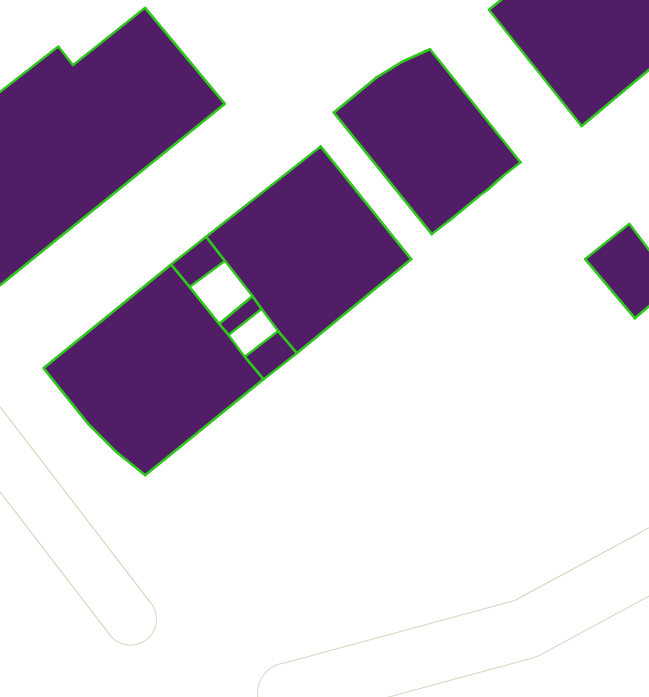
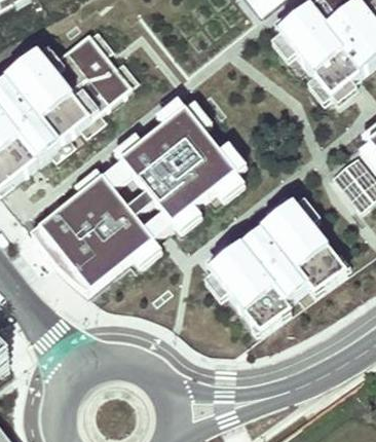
building: [334,49,521,234] -> none
building: none -> [211,200,340,323]

